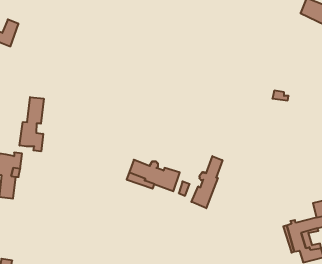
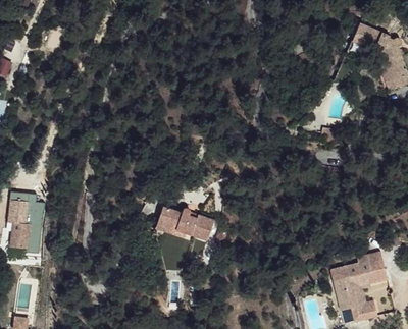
building: [20,97,44,151] -> none
building: [191,156,222,208] -> none

